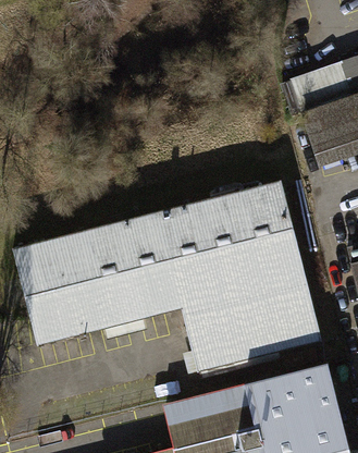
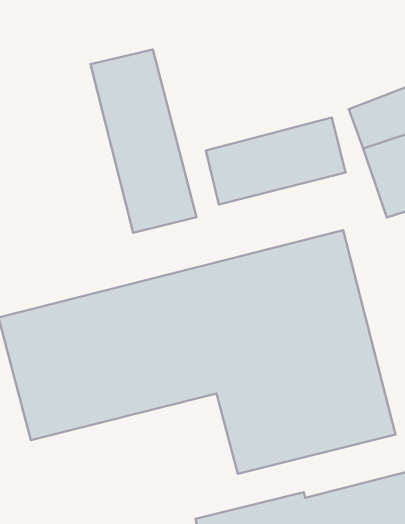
building: none -> [91,49,196,233]
building: none -> [206,117,345,205]

